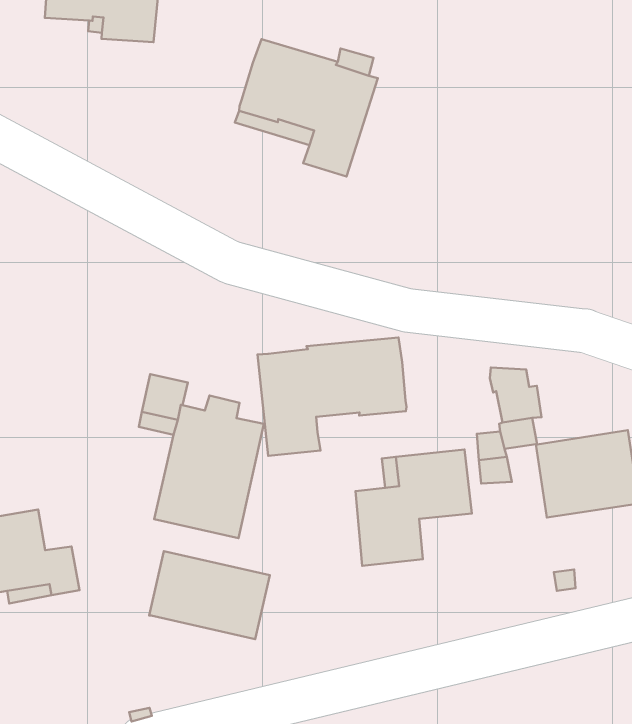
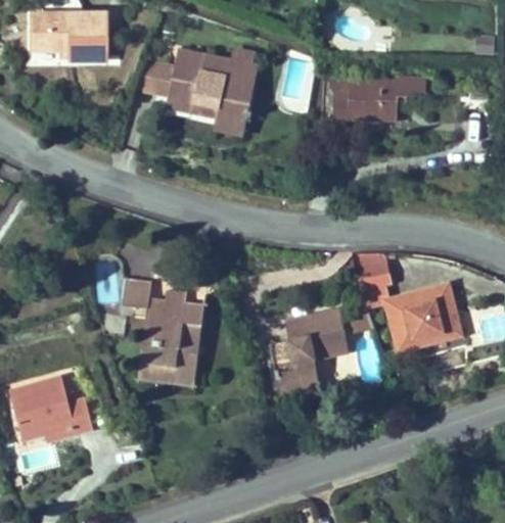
building: none -> [136,61,175,96]
building: none -> [328,76,425,122]
building: [258,338,406,456] -> none
building: [149,551,270,639] -> none

